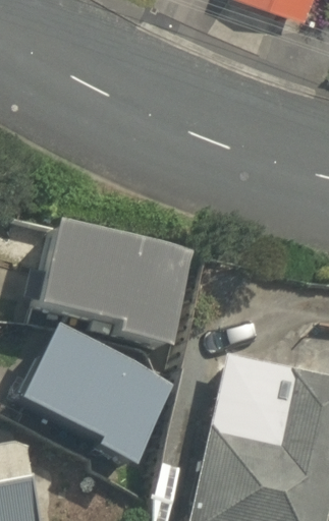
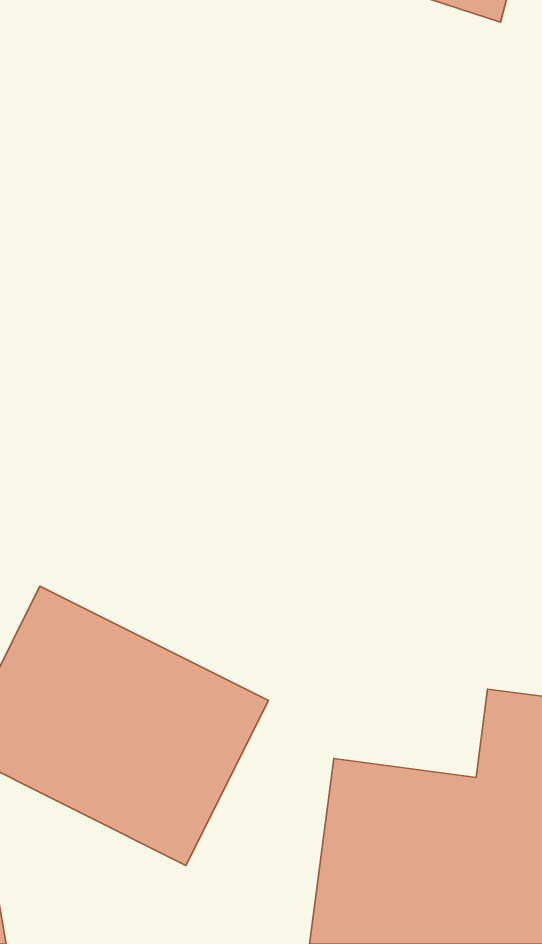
building: [41,218,189,334] -> none

